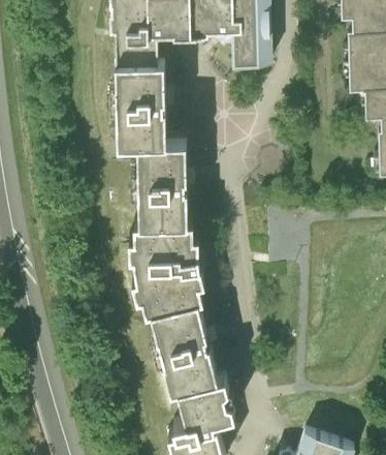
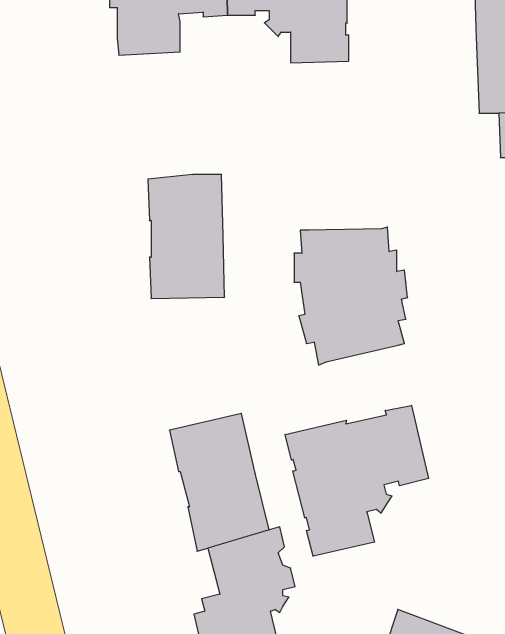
building: [111,54,170,140] -> none
building: [126,218,202,311] -> [294,227,408,365]
building: none -> [285,405,429,556]

